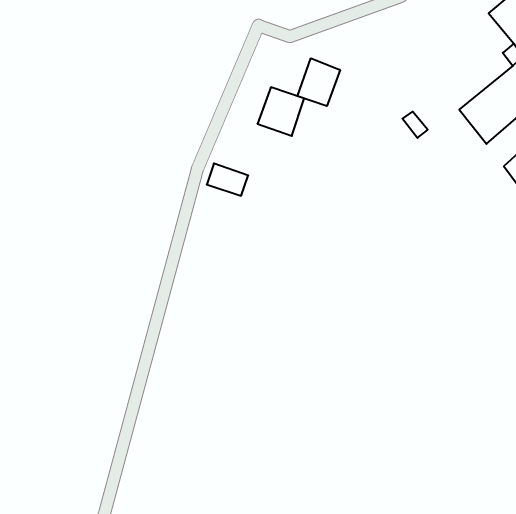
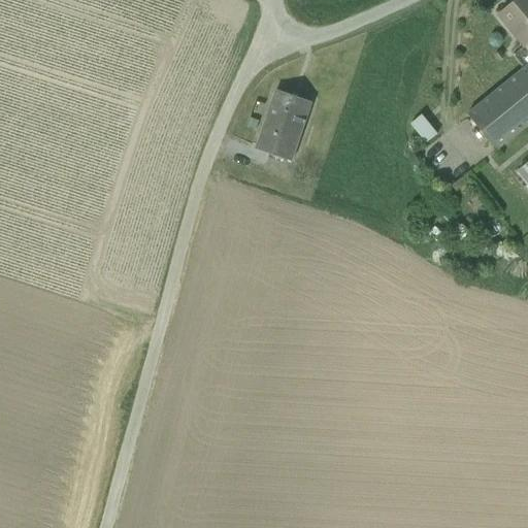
building: [298,58,340,106] -> none
building: [207,163,248,196] -> [257,126,299,159]

